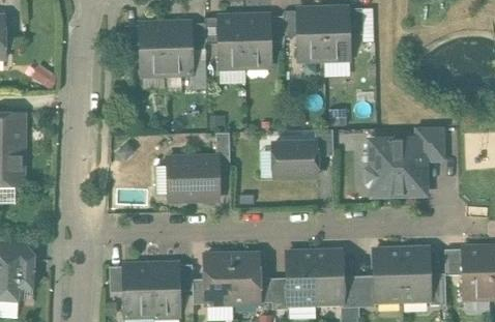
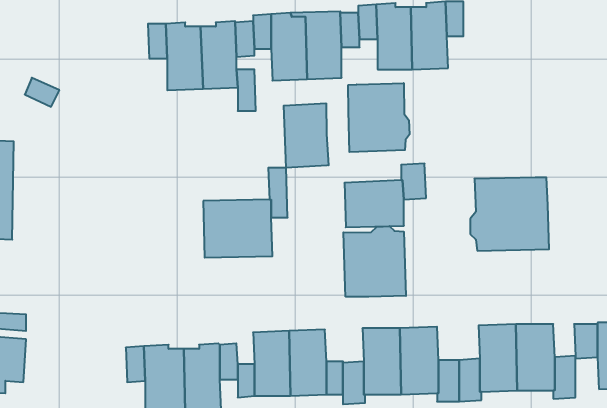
building: none -> [348,83,410,152]
building: none -> [284,103,329,168]
building: [415,126,445,160] -> none
building: none -> [343,226,406,297]

